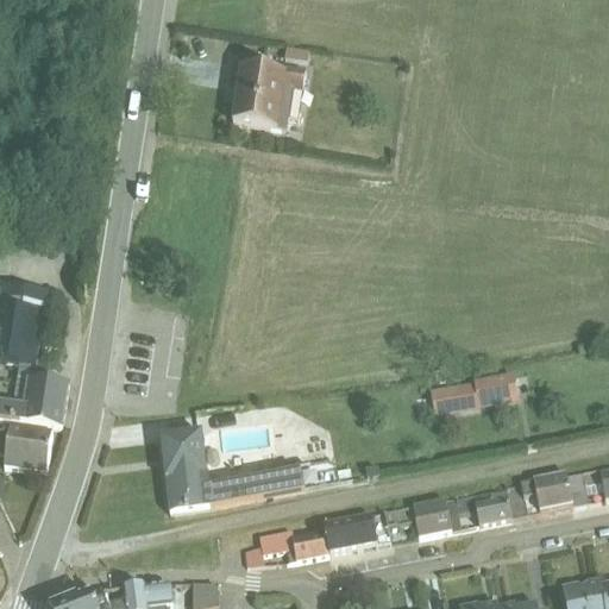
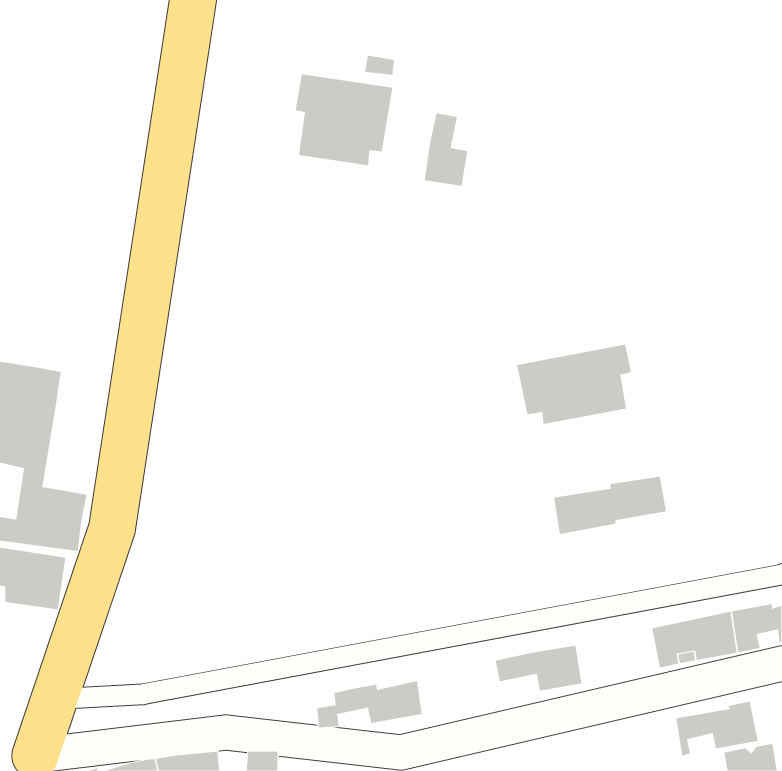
building: none -> [424,113,468,187]
building: none -> [517,344,632,425]
building: [159,431,303,513] -> none
building: [446,486,510,529] -> [675,701,758,757]
building: [322,511,389,553] -> none

